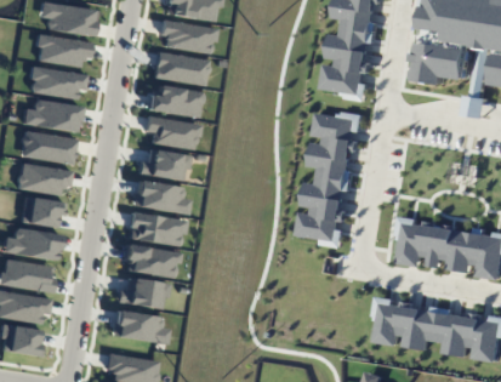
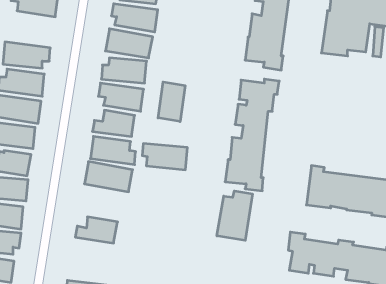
building: [35,34,91,68] -> none
building: none -> [158,82,185,122]
building: [124,246,178,278] -> [142,144,187,170]
building: none -> [217,191,252,240]
building: [114,310,169,344] -> none

